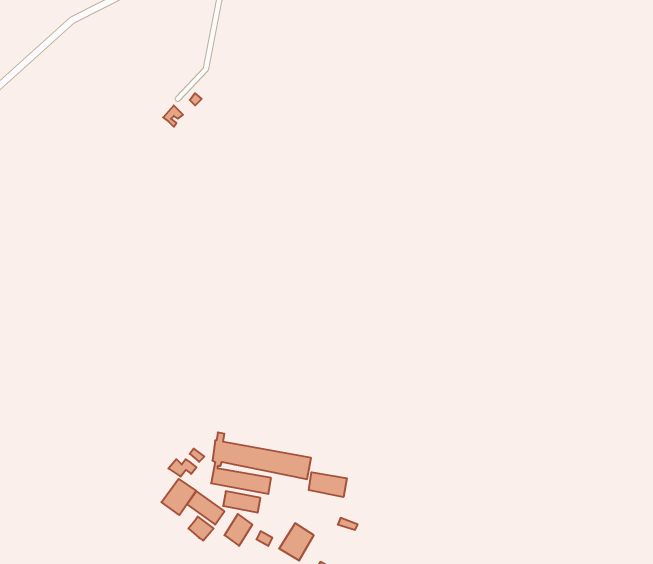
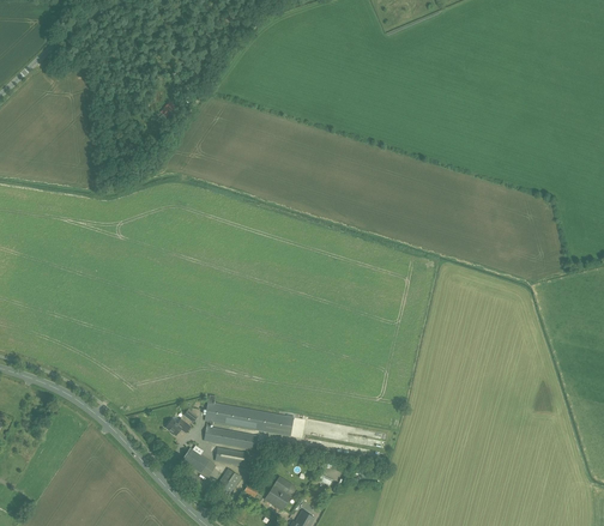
building: [309,472,347,497] -> none
building: [161,479,196,515] -> none

